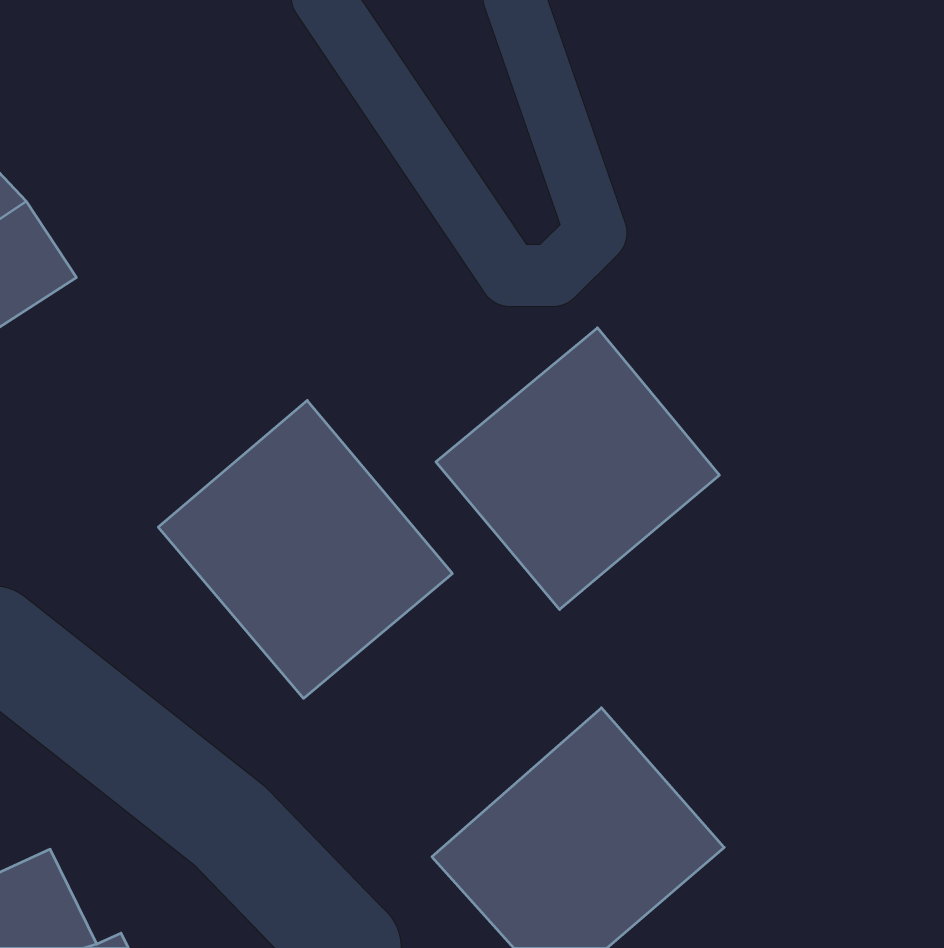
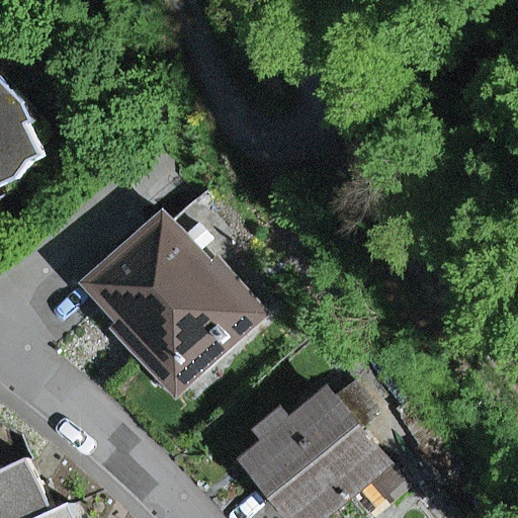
building: [436,328,719,610] -> none

